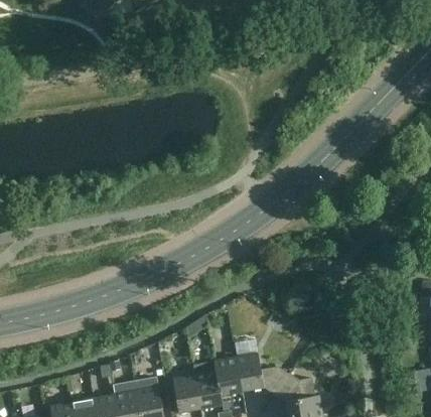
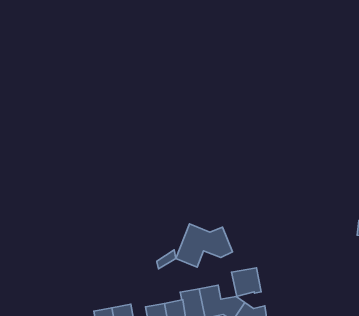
building: none -> [176,224,232,267]
building: none -> [231,268,261,296]

